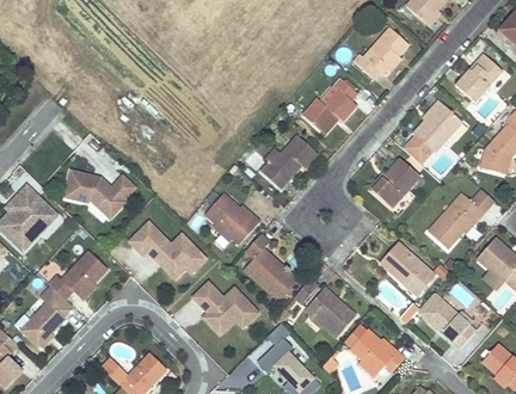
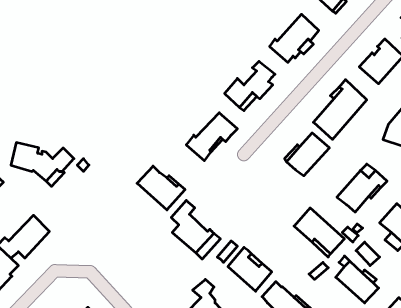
building: [129,221,205,279] -> none
building: [192,282,258,327] -> none

